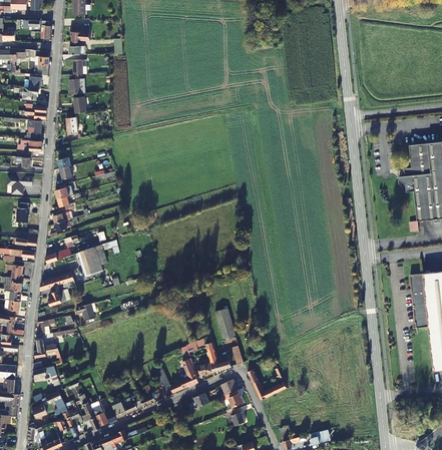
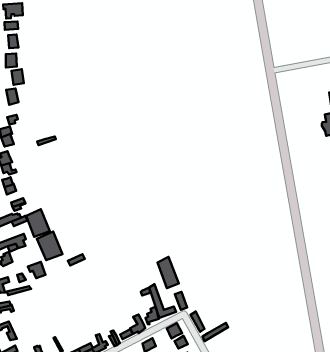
building: none -> [37,231,63,260]

